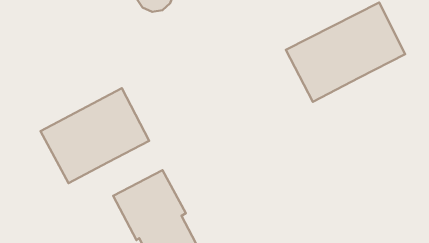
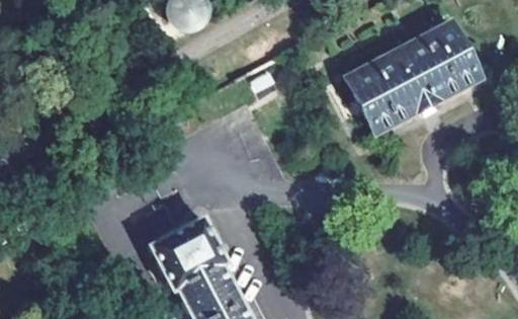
building: [41,88,149,183] -> none

